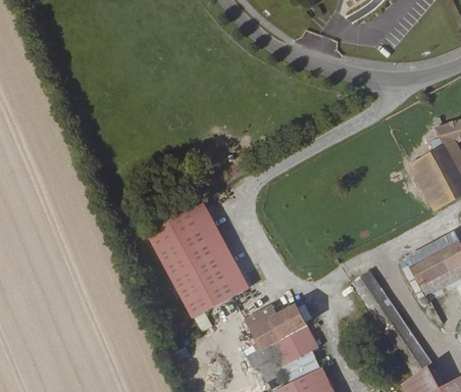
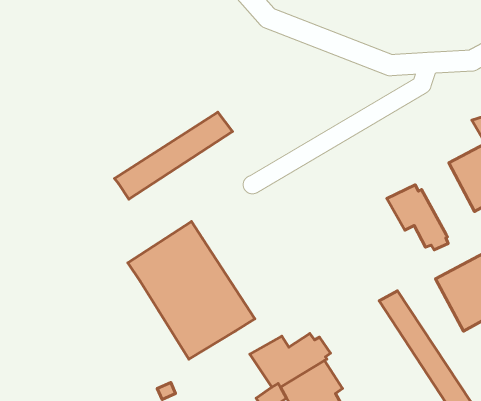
building: none -> [114,112,232,199]
building: none -> [387,185,448,250]

